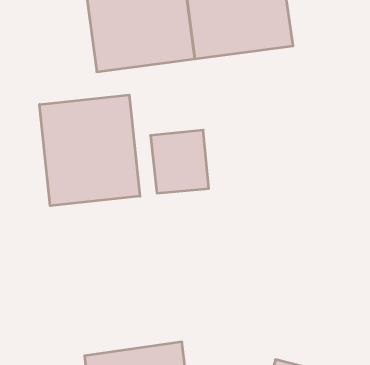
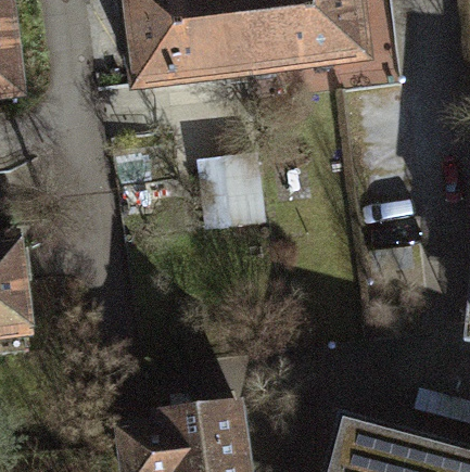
building: [40,95,140,206] -> none

